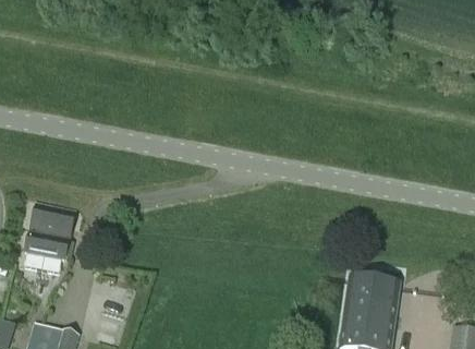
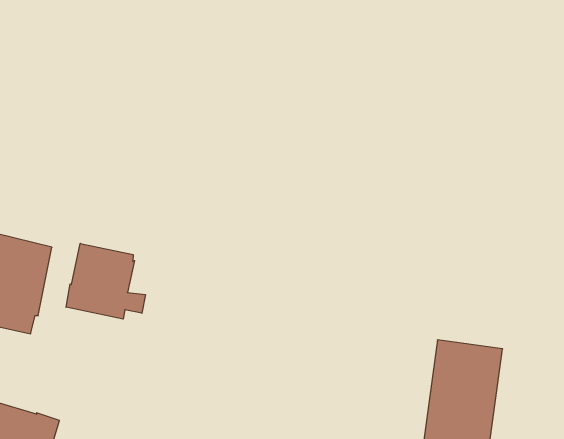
building: none -> [66,243,145,319]

